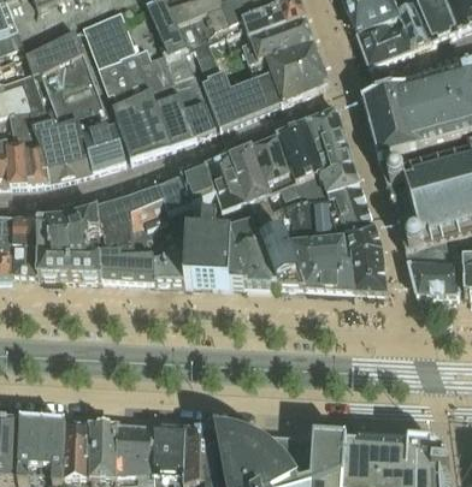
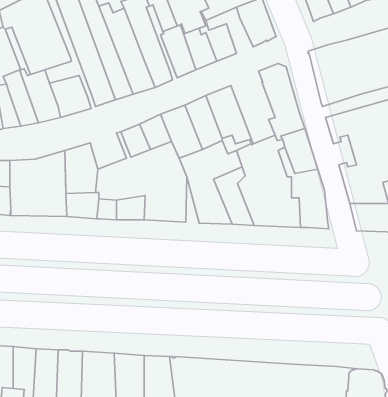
building: [252,49,303,100] -> none
building: [278,121,328,198] -> none
building: [125,186,165,226] -> none

